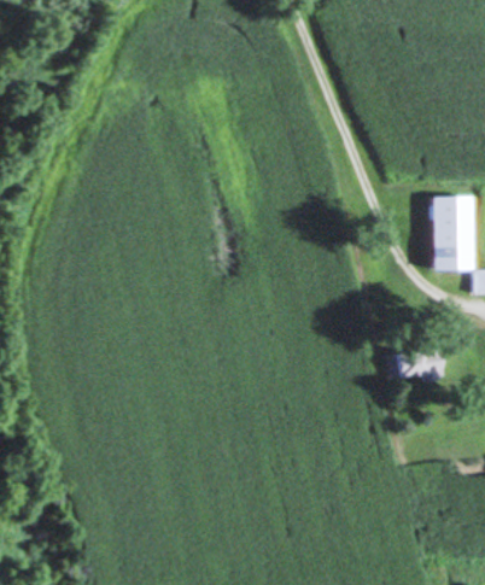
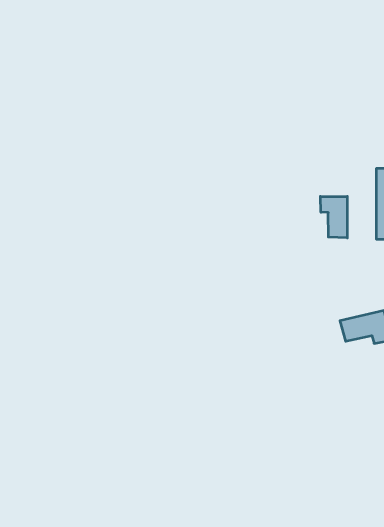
building: none -> [320,196,347,238]

